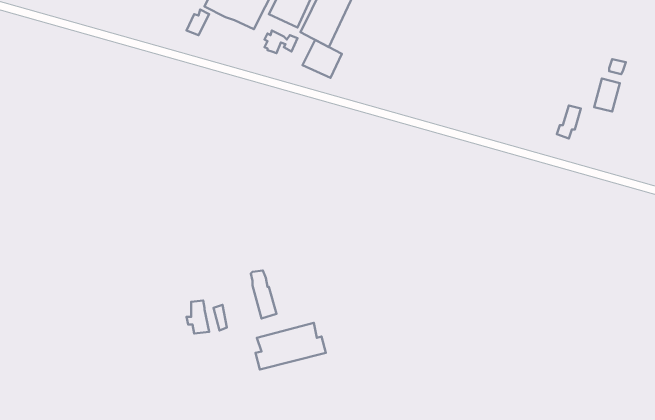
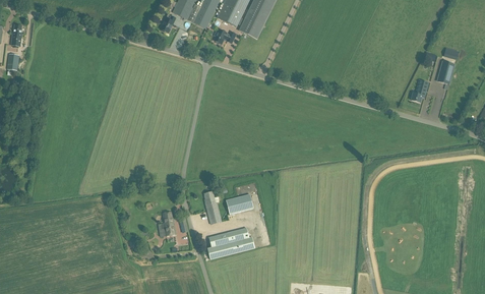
building: [303,40,342,78] -> none
building: none -> [225,193,253,214]

